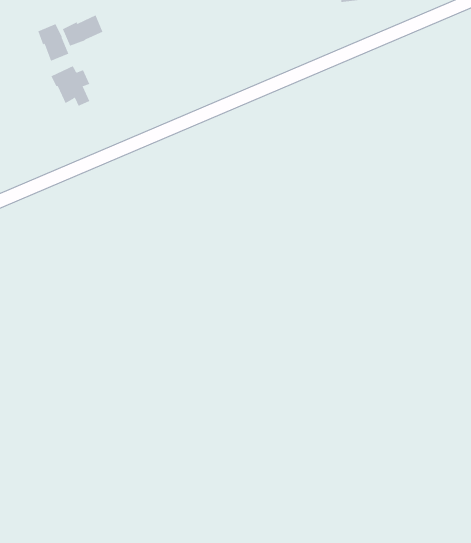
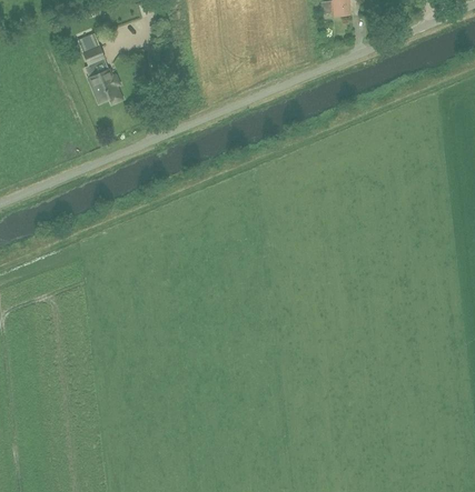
building: [62,15,103,46] -> none

